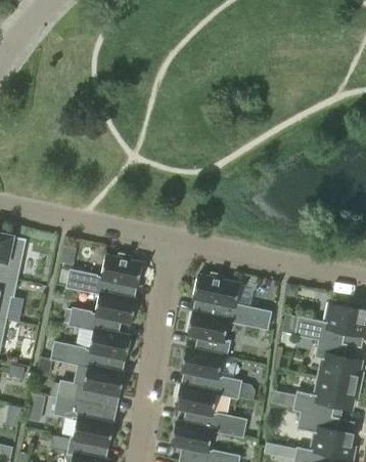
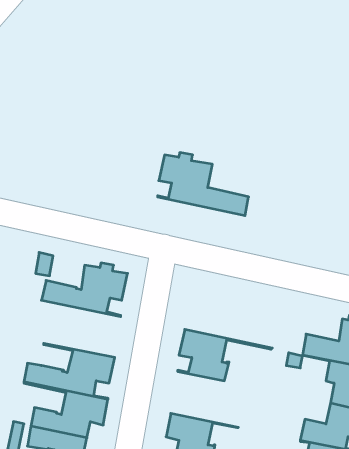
building: [191,274,271,329] -> [158,153,249,216]
building: [65,287,135,337] -> none
building: [179,349,241,398] -> none

